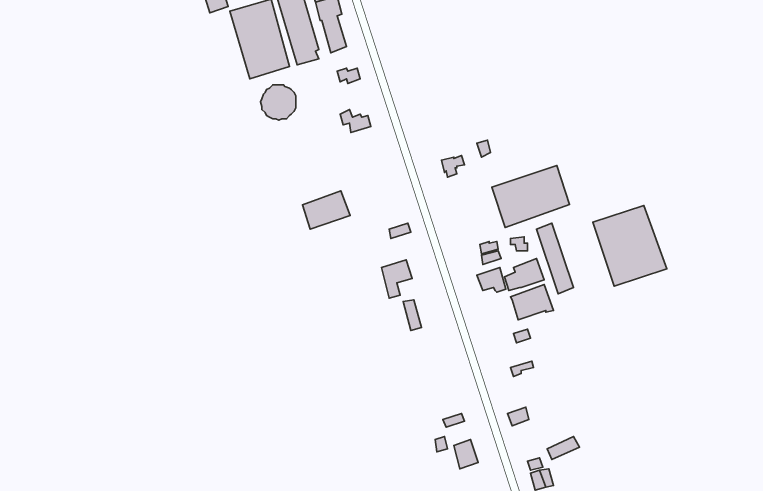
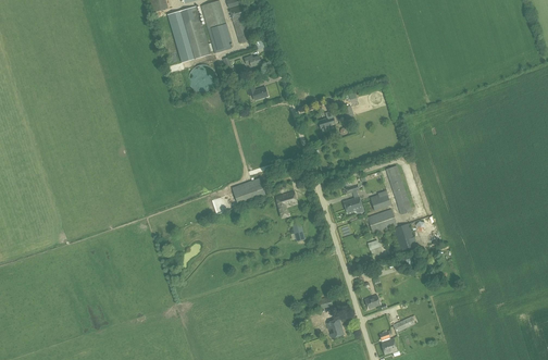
building: [492,165,569,227] -> none
building: [302,191,350,229] -> [232,176,265,203]
building: [593,206,667,286] -> none
building: none -> [391,221,416,250]

